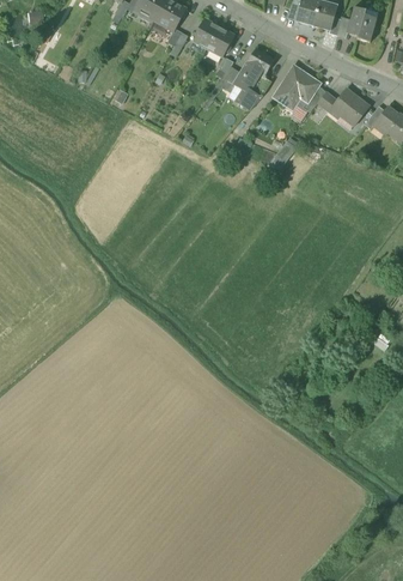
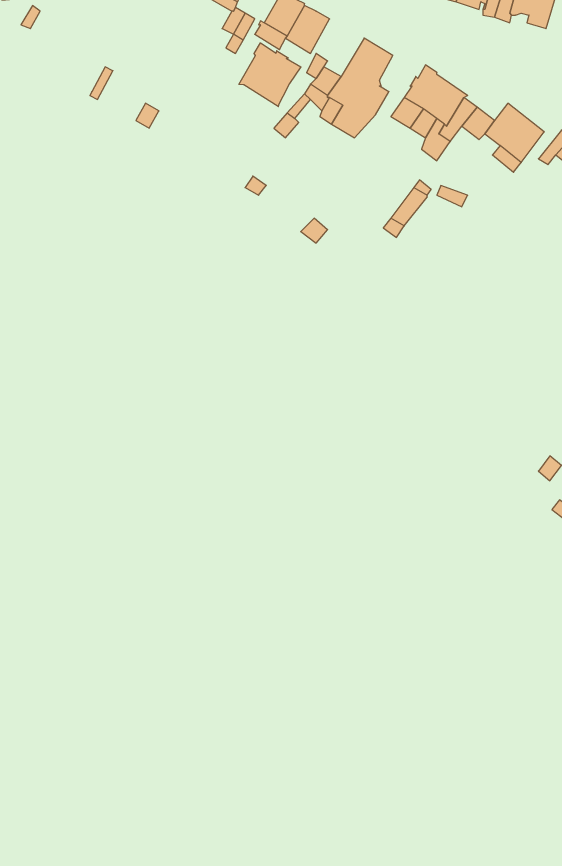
building: none -> [239,43,301,107]

